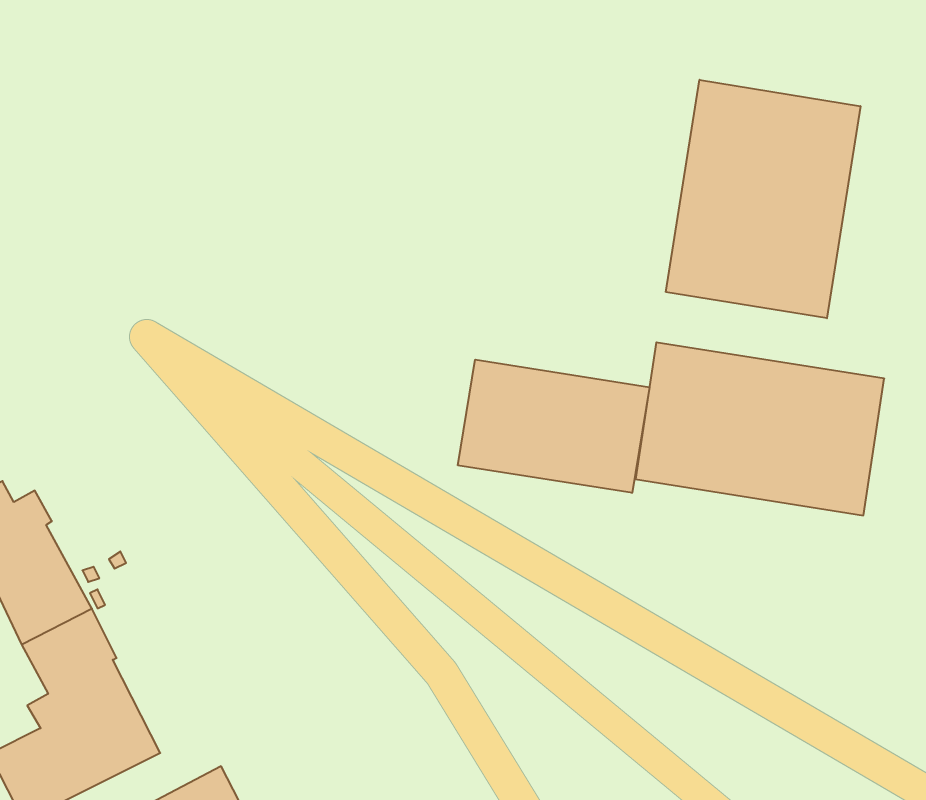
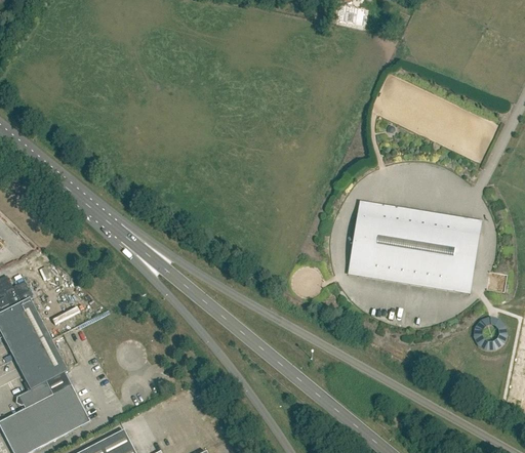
building: [666,80,860,318] -> none
building: [458,360,649,493] -> none

